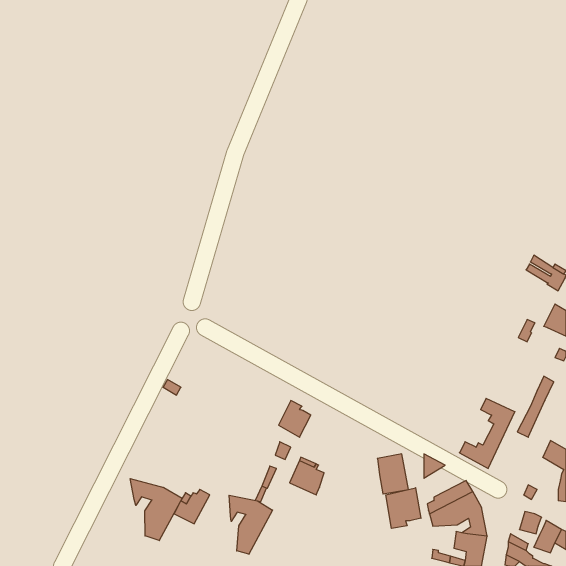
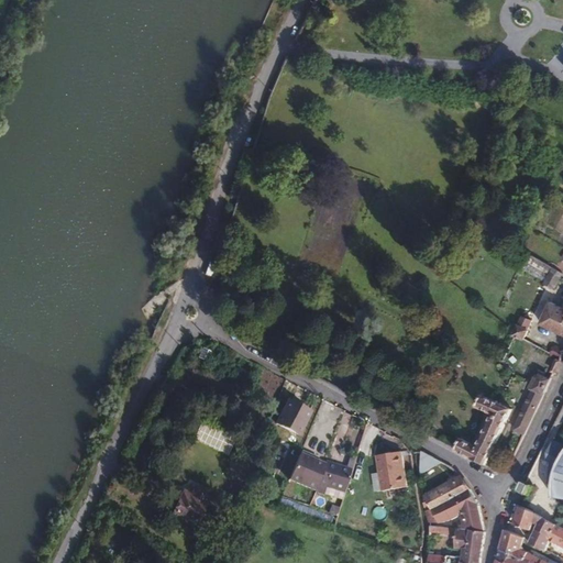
building: none -> [318,461,349,492]
building: [130,479,182,541] -> none
building: [386,488,421,528] -> none
building: [229,495,273,554] -> none

